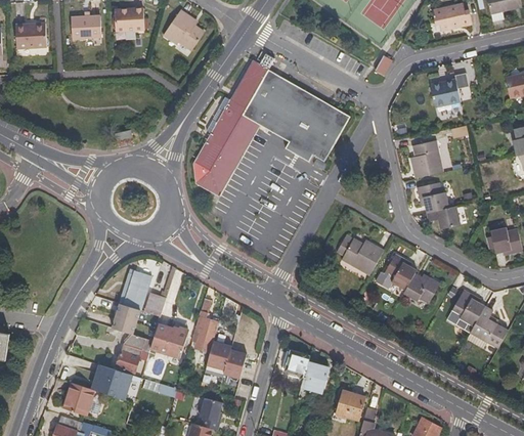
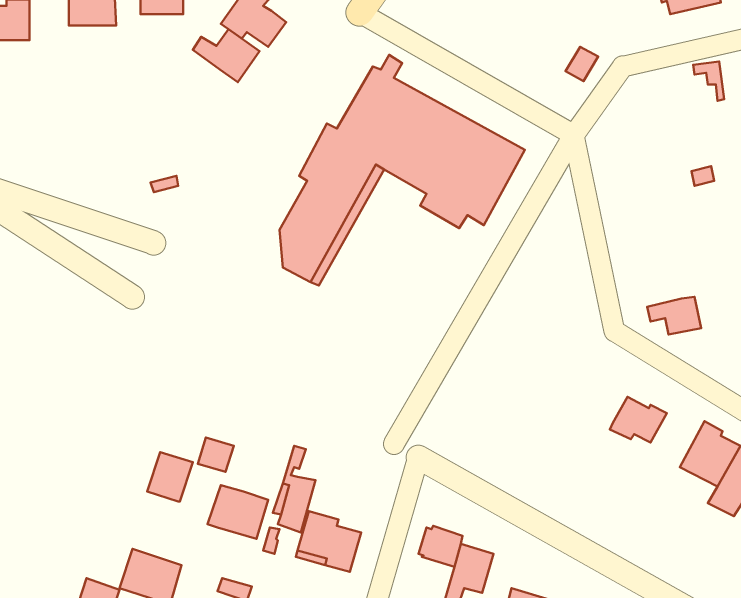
building: none -> [193,29,260,82]
building: [431,77,460,103] -> none
building: [412,140,443,178] -> none
building: [418,182,448,213] -> none
building: [336,234,383,269] -> none
building: [382,249,418,286] -> none
building: [121,270,154,310] -> none
building: [117,335,155,374] -> none

